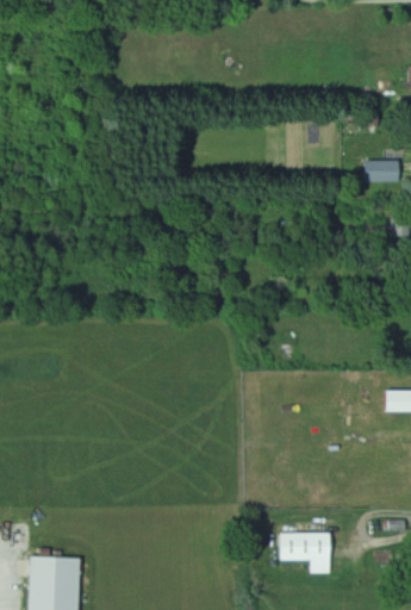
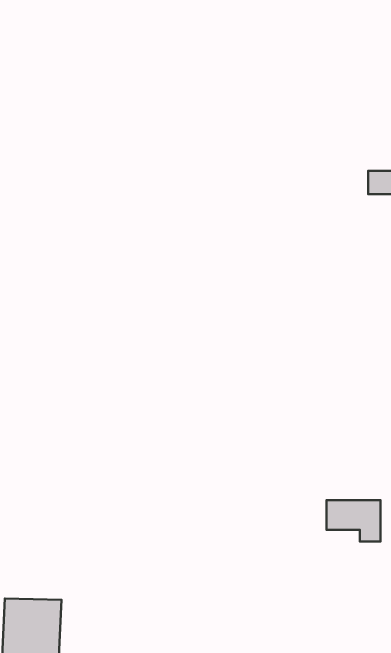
building: [280,533,330,571] -> [326,500,380,542]

